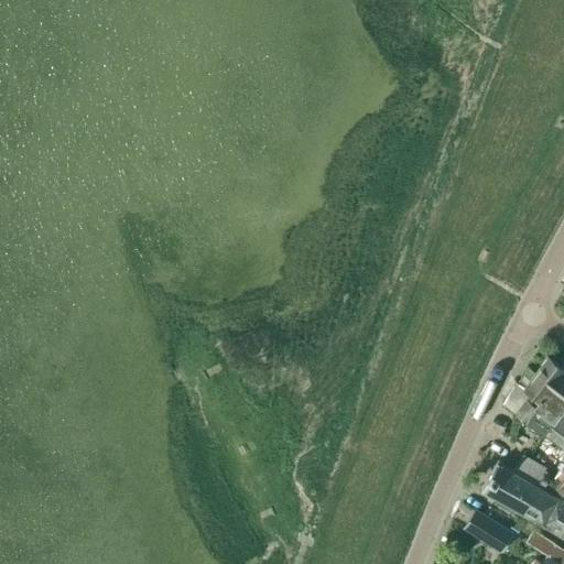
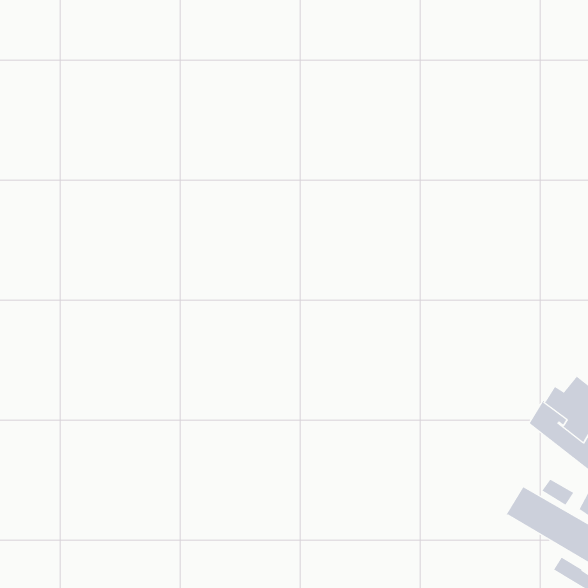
building: [469,514,517,554] -> none

